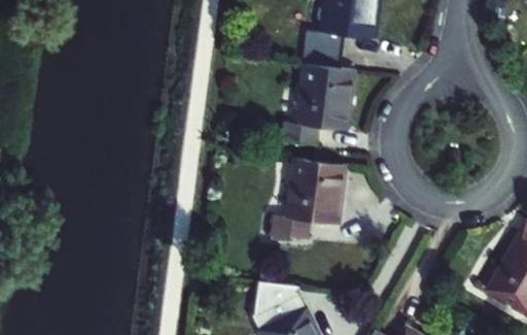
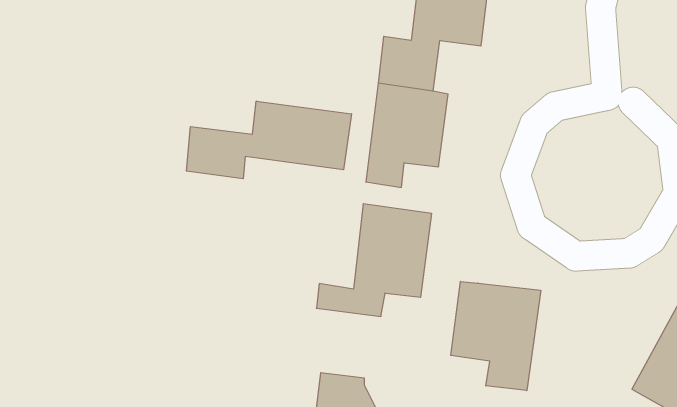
building: none -> [186,101,351,179]
building: none -> [451,281,541,391]

